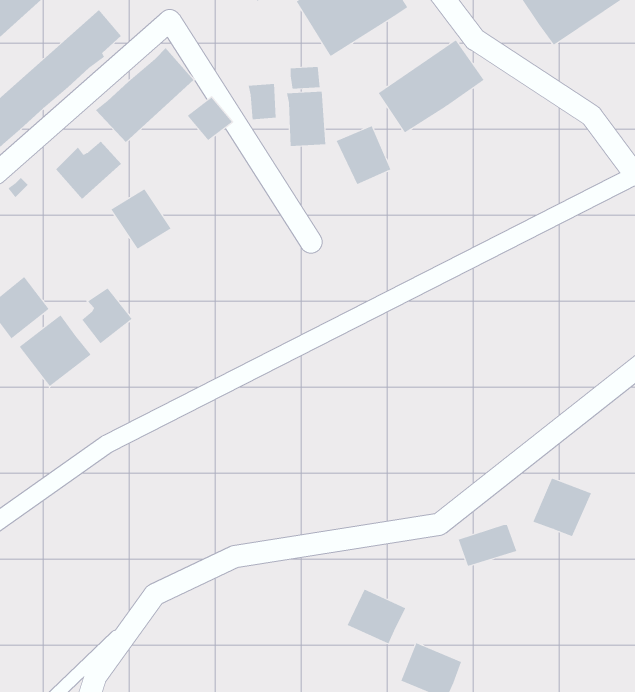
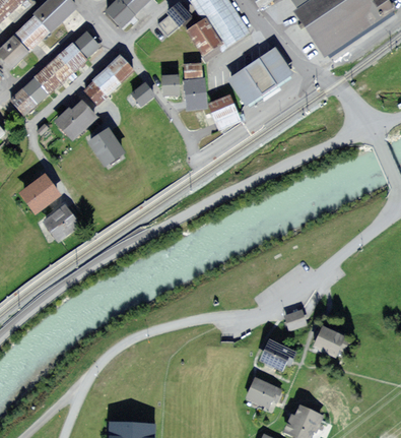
building: [82,287,133,344] -> none
building: [533,478,592,537] -> [312,320,343,352]
building: [347,589,406,644] -> [258,335,289,365]

